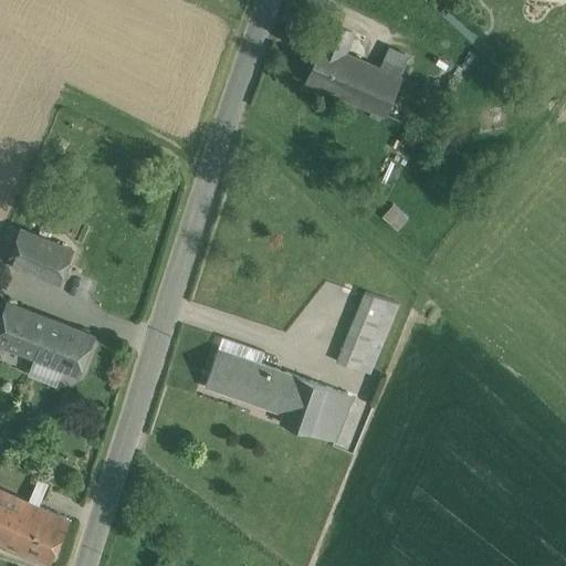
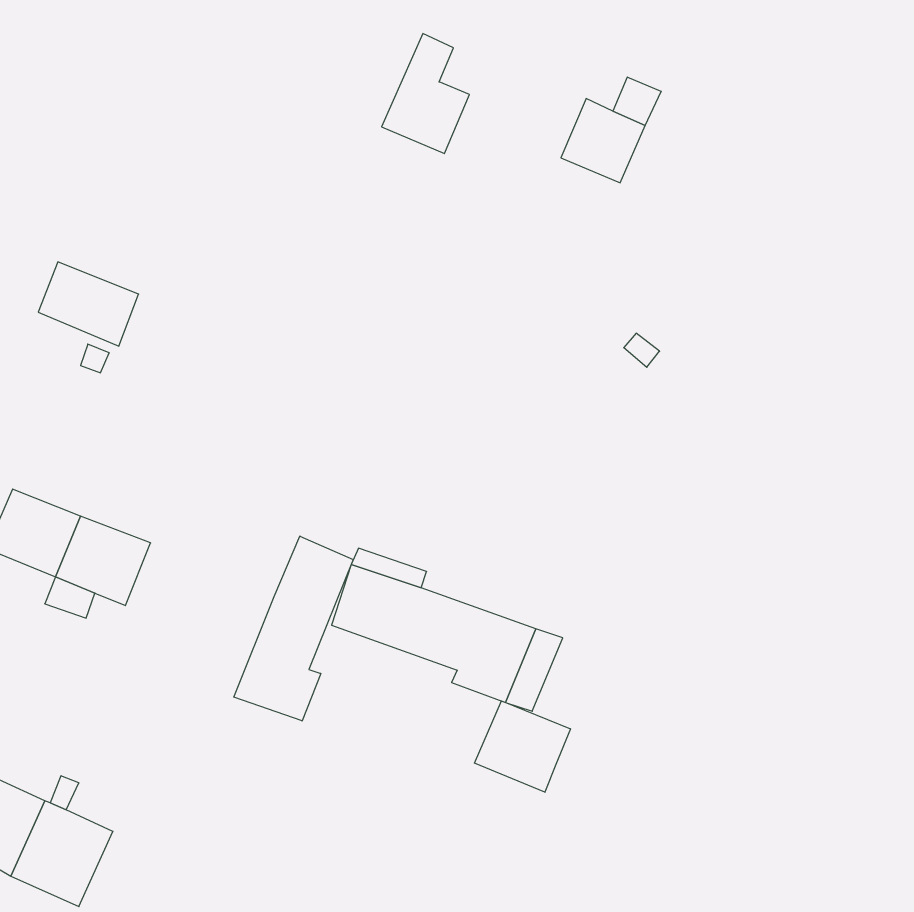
building: [307,25,361,99] -> [382,34,469,154]
building: [9,231,71,283] -> [38,262,139,346]
building: [336,294,398,376] -> none
building: none -> [234,536,353,721]
building: none -> [475,701,570,792]

